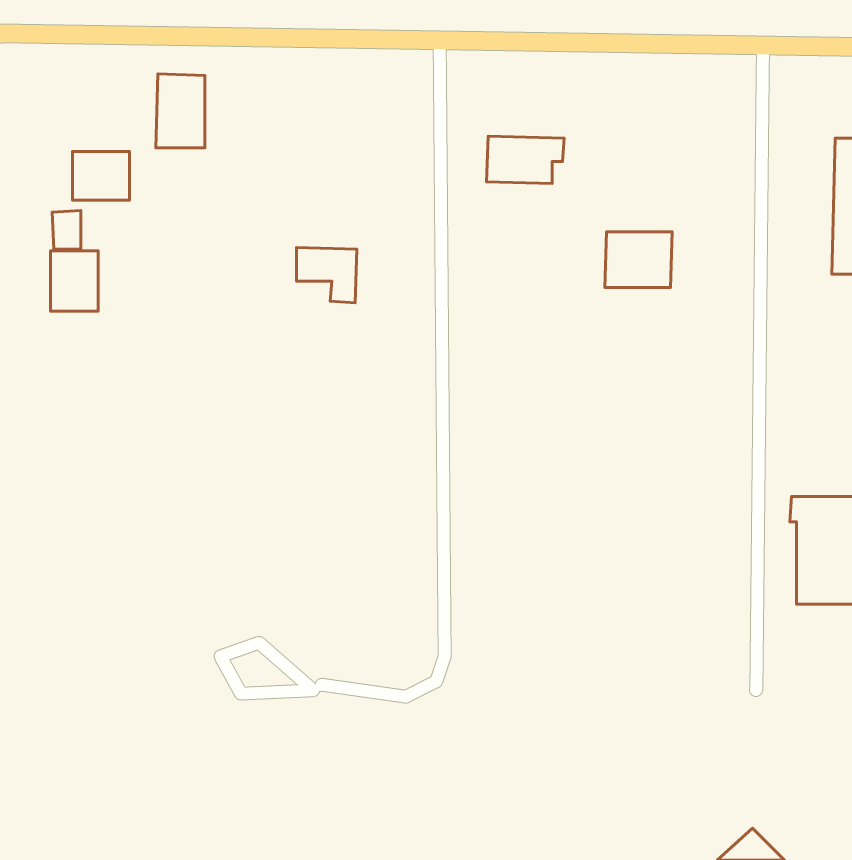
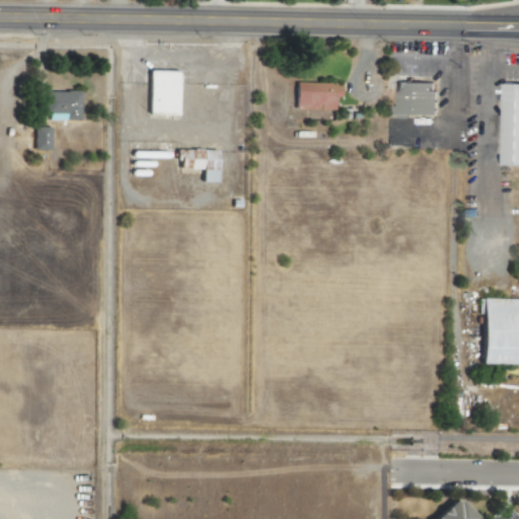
building: [156,74,205,148] -> [151,70,180,115]
building: [605,232,672,287] -> [398,82,439,116]
building: [50,251,98,311] -> none

